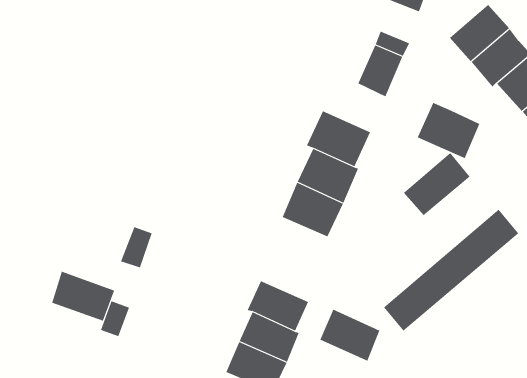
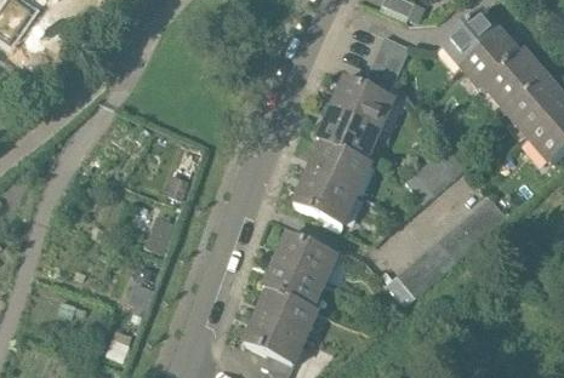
building: [417,102,480,159] -> [332,74,389,125]
building: [51,271,115,322] -> none
building: [319,309,380,362] -> [277,230,331,277]

